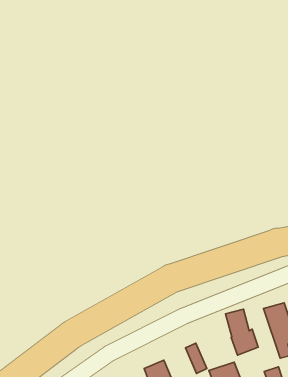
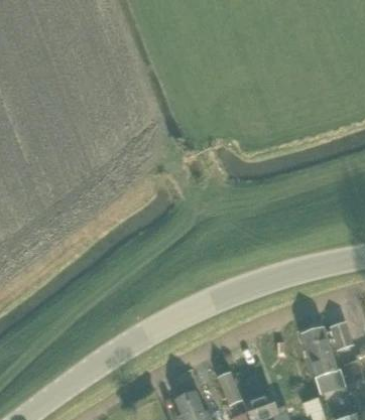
building: [226,309,258,355] -> none

